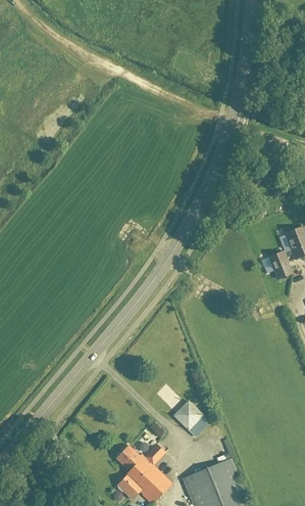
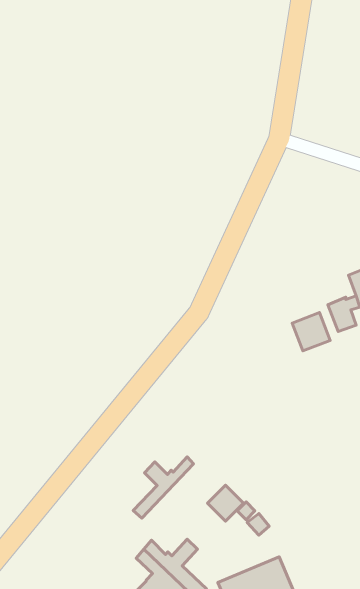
building: none -> [292,313,330,351]
building: none -> [133,457,194,518]

